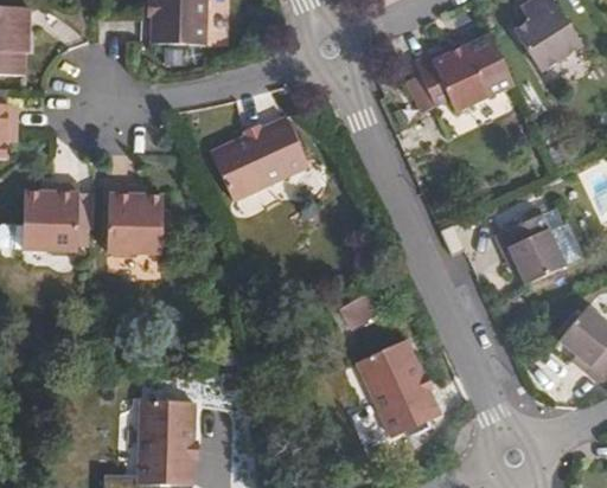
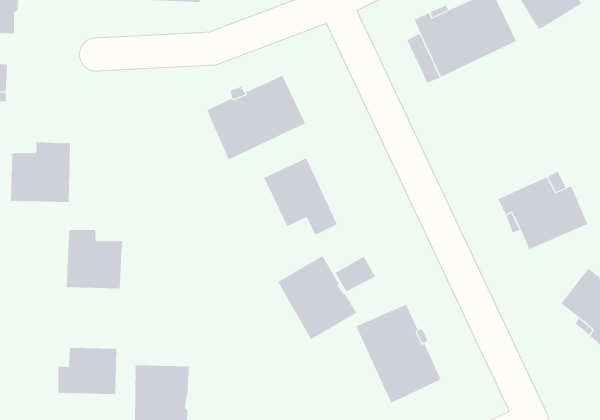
building: [107,186,162,244] -> [66,229,123,289]
building: none -> [264,157,337,235]
building: none -> [277,255,357,340]
building: none -> [58,347,117,395]

